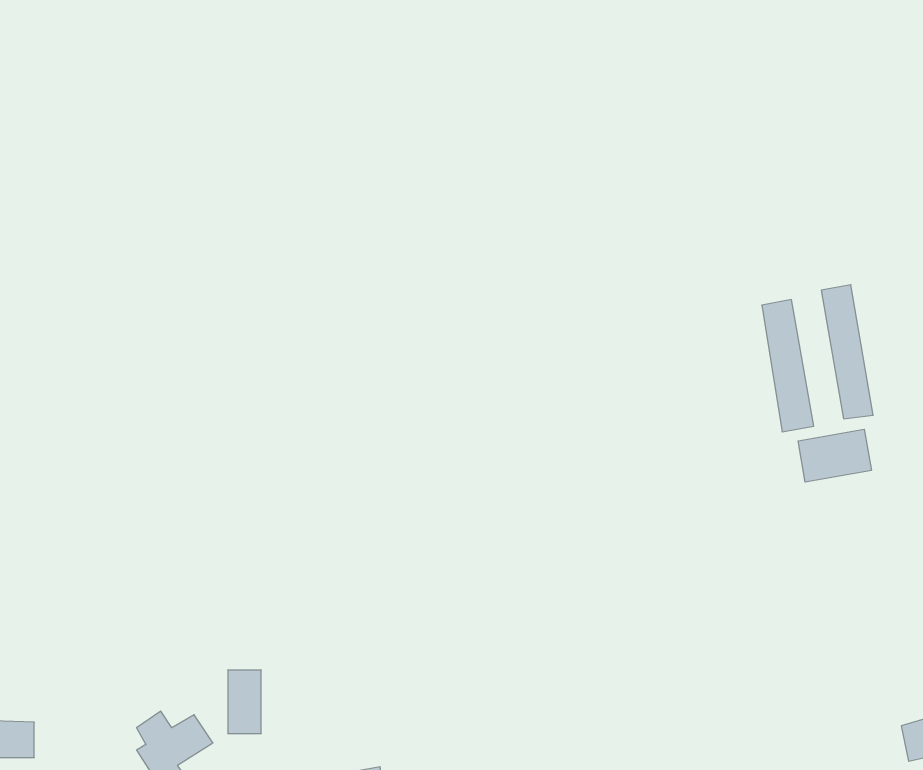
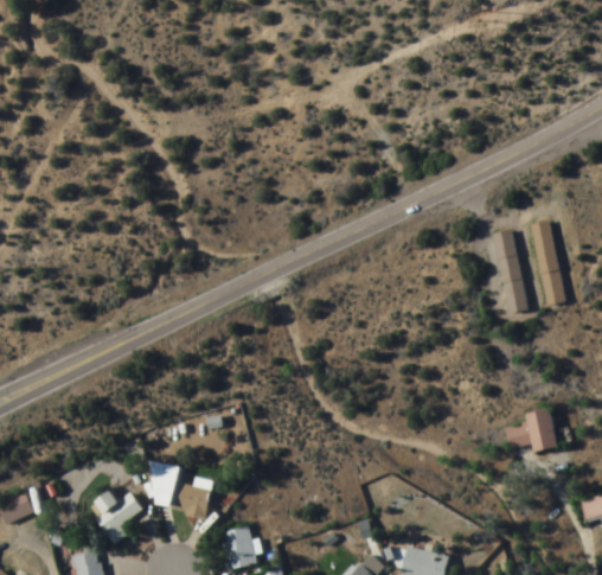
building: [798,429,871,482] -> none
building: none -> [507,409,556,452]
building: none -> [171,478,211,518]

